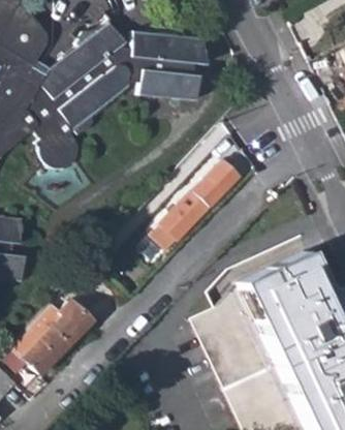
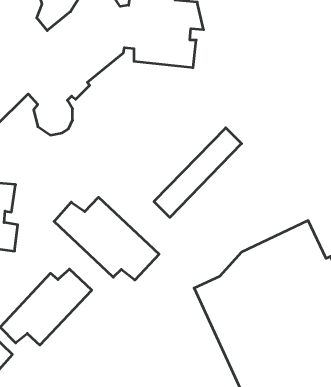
building: none -> [54,197,159,280]

